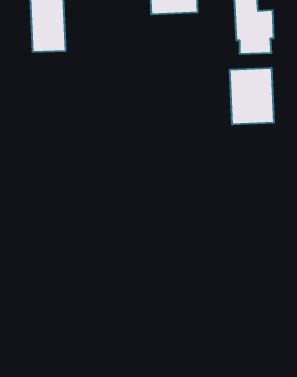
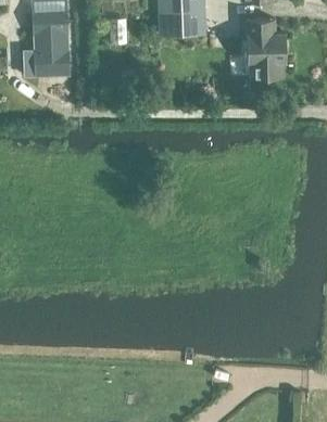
building: [230,68,274,125] -> none

